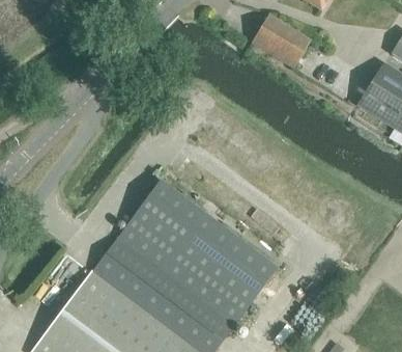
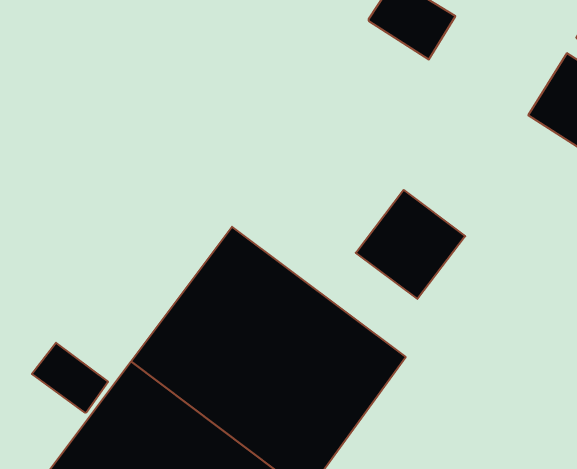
building: none -> [356,190,465,299]
building: none -> [32,343,108,413]

